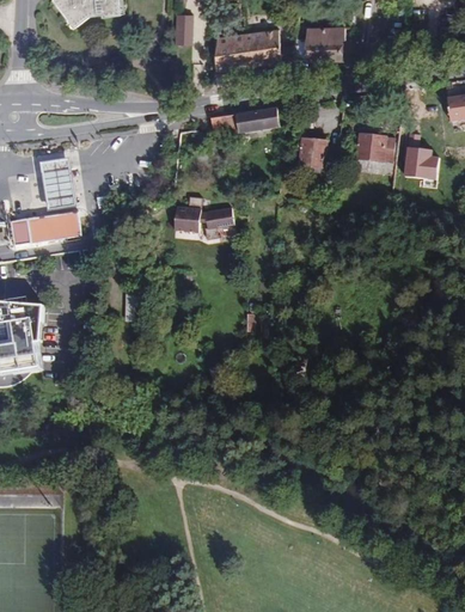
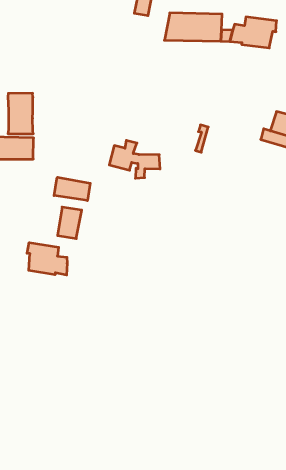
building: [210,108,280,141] -> none
building: [299,139,338,169] -> none
building: none -> [54,177,90,201]
building: none -> [27,243,67,275]

